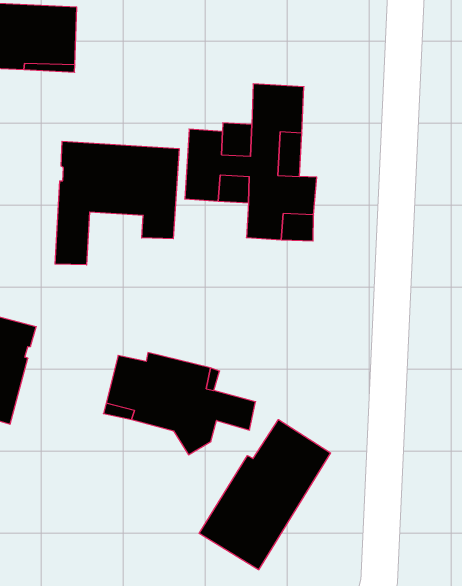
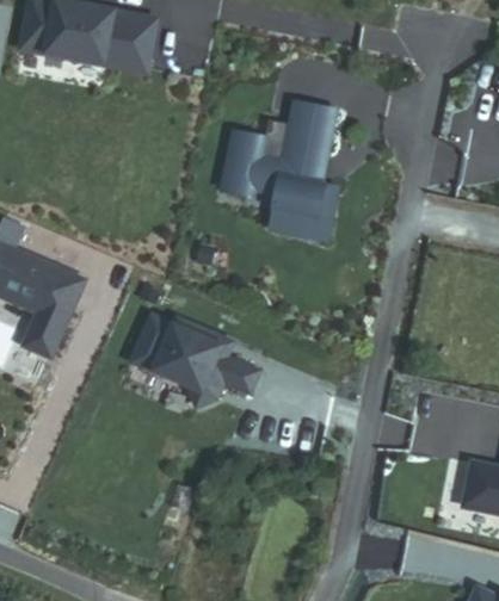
building: [55,141,179,265] -> none
building: [199,420,331,570] -> none

